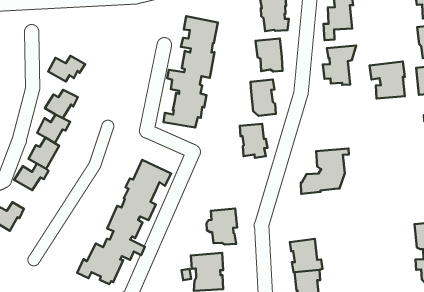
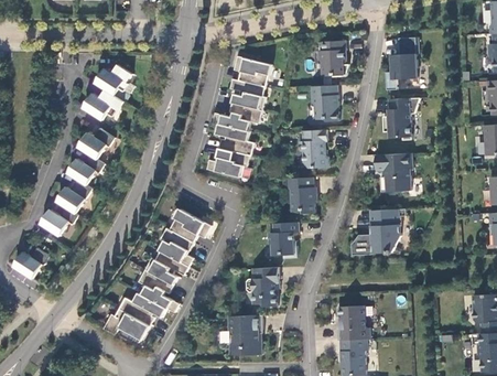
building: none -> [95,64,131,95]
building: [370,62,405,99] -> [374,152,411,191]
building: none -> [267,222,298,258]

